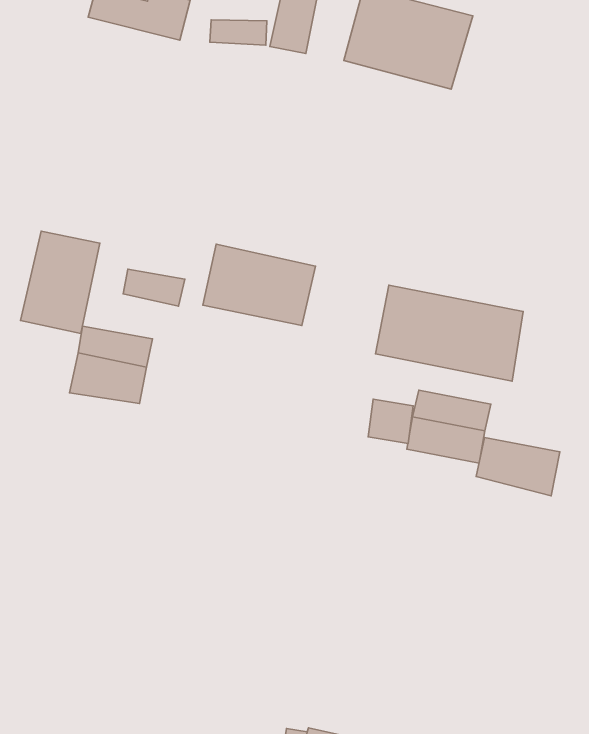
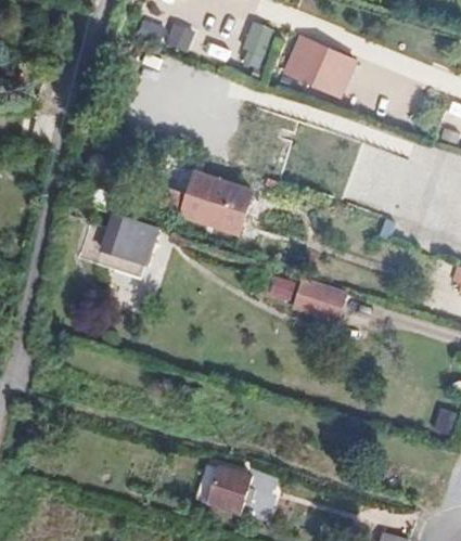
building: [21,231,100,333] -> none
building: [376,285,523,381] -> none
building: [476,437,560,496] -> none

